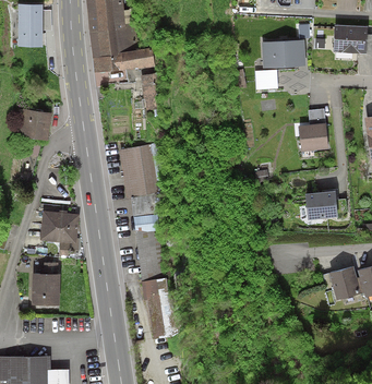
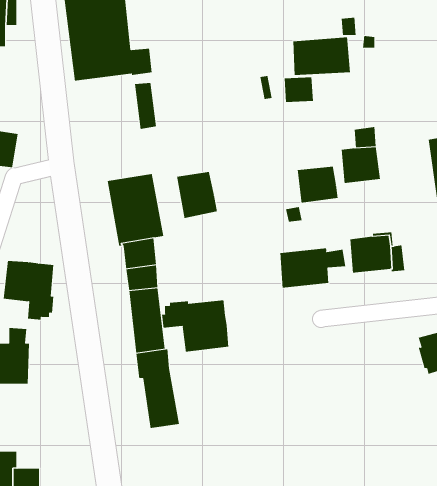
building: [333,25,367,53] -> none
building: none -> [297,166,338,204]
building: none -> [177,171,217,219]
building: none -> [280,247,346,288]
building: none -> [161,300,229,353]
building: [328,266,361,300] -> none

